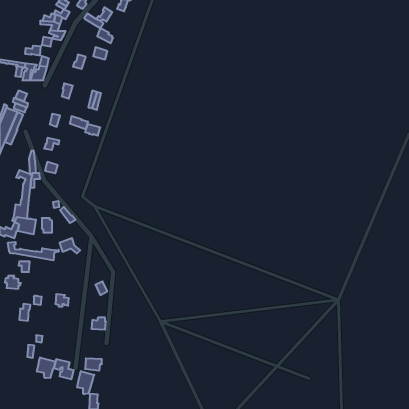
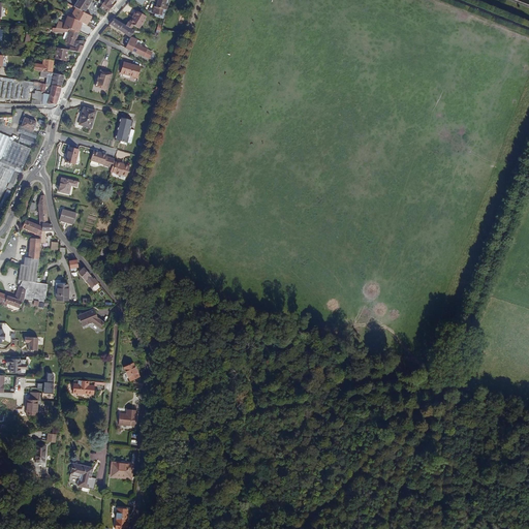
building: [8,242,59,260] -> none
building: [37,357,56,378] -> none
building: [77,371,94,394] -> none

